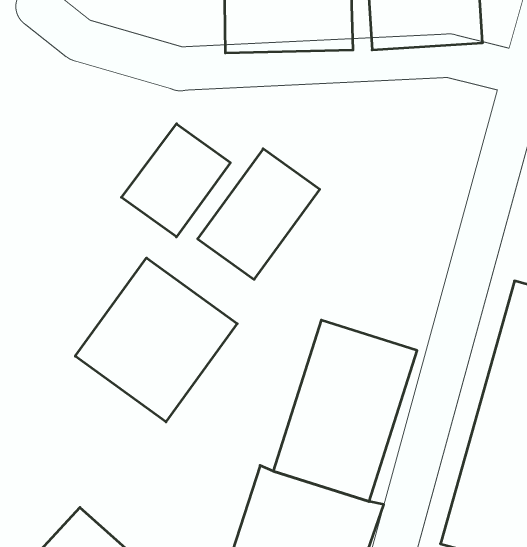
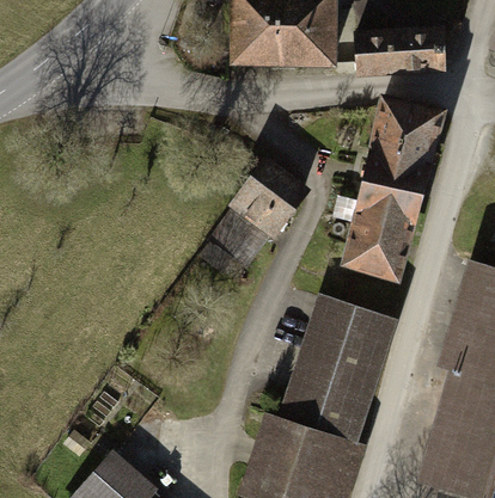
building: none -> [347,90,446,271]
building: [121,124,230,237] -> none
building: [75,258,237,422] -> none

